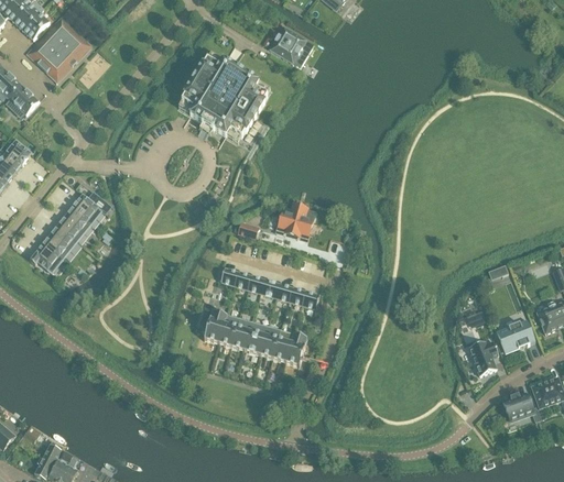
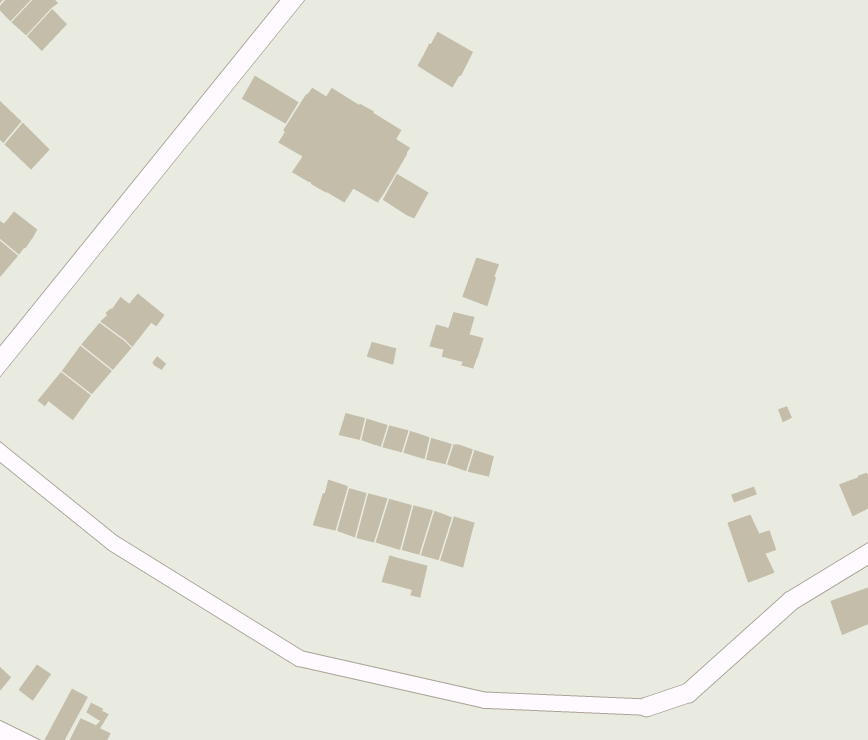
building: [26,17,91,83] -> none
building: none -> [240,75,299,124]
building: none -> [382,173,429,219]
building: none -> [462,257,500,308]
building: [499,320,535,353] -> none
building: none -> [381,555,428,599]
building: [503,395,541,424] -> none

